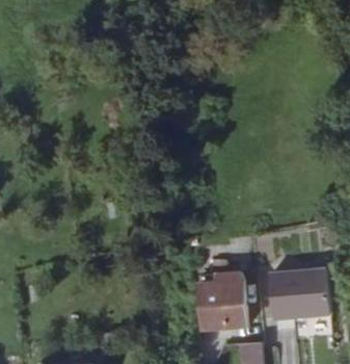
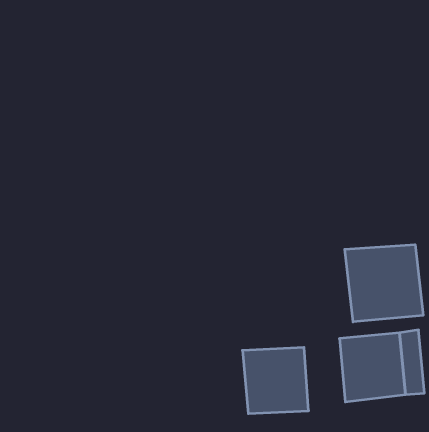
building: none -> [345,245,423,322]

